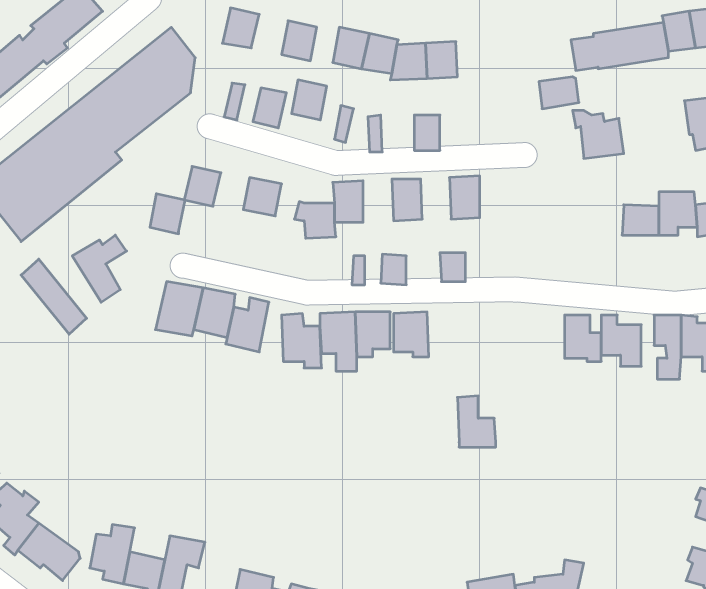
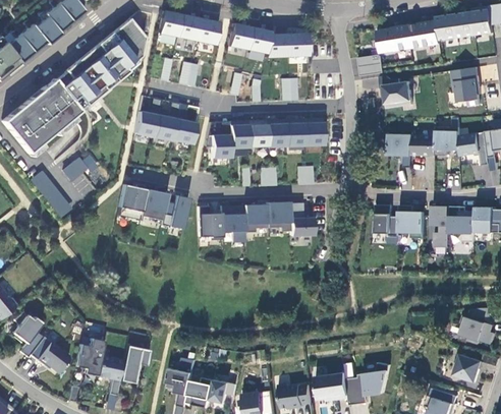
building: [292,80,327,120] -> [178,14,201,40]
building: none -> [285,118,304,144]
building: none -> [248,119,268,146]
building: [150,194,185,234] -> [154,114,176,139]
building: none -> [388,135,414,155]
building: [457,396,496,447] -> [289,202,314,235]

